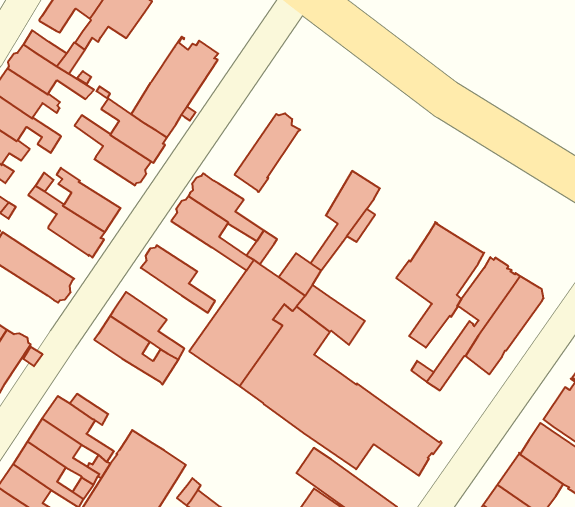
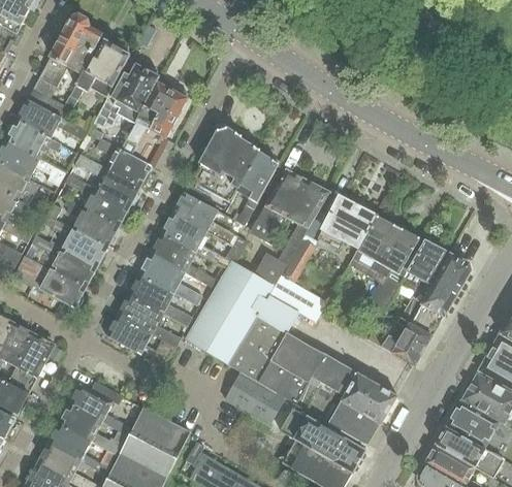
building: none -> [94,63,159,127]
building: none -> [190,128,242,191]
building: none -> [236,151,279,225]
building: none -> [65,172,129,226]
building: none -> [253,169,306,238]
building: none -> [319,196,377,250]
building: none -> [31,233,96,287]
building: none -> [151,233,216,286]
building: none -> [281,238,316,284]
building: none -> [129,273,192,326]
building: none -> [392,323,431,365]
building: none -> [225,371,284,424]
building: none -> [329,401,381,446]

